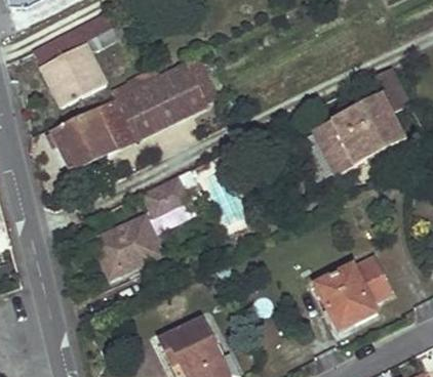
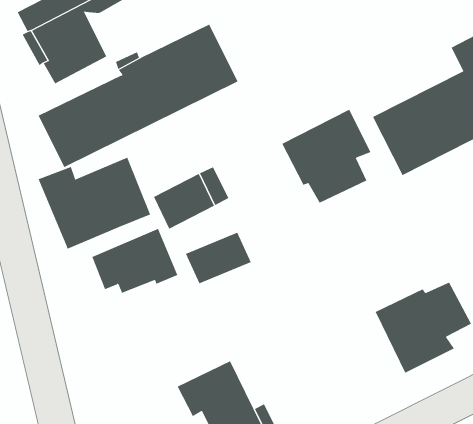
building: none -> [281,109,371,204]
building: none -> [38,157,151,249]
building: none -> [185,232,252,284]

